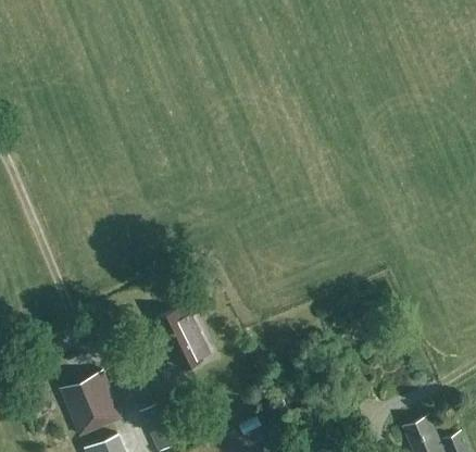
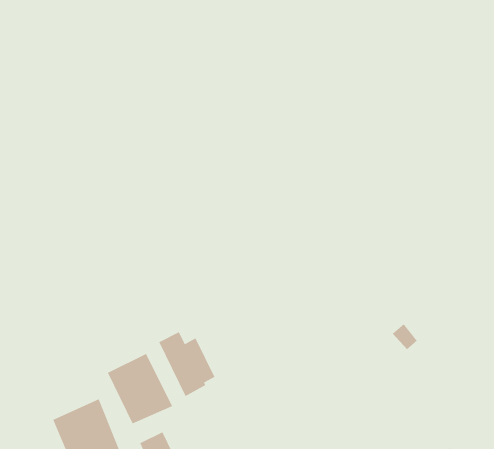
building: none -> [107,353,173,424]

